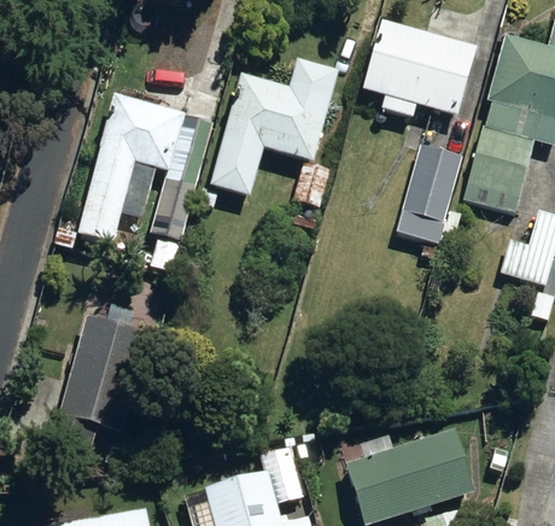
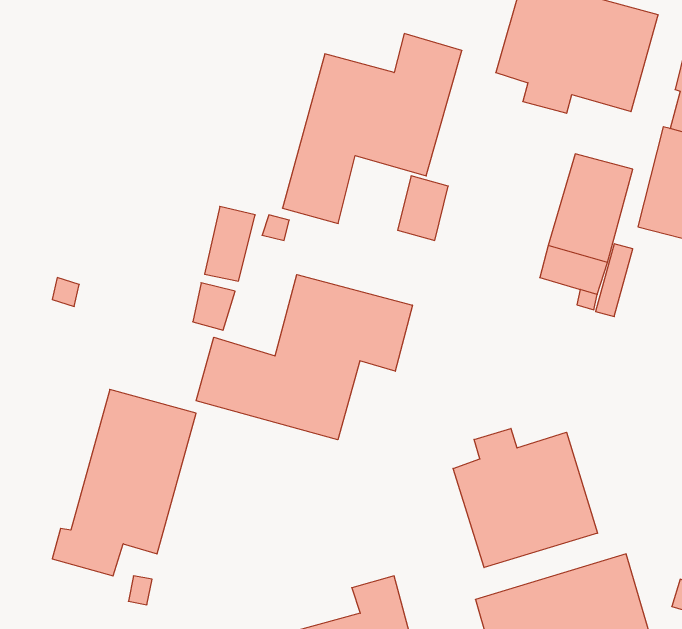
building: [80,93,185,241] -> none
building: none -> [196,275,412,440]
building: none -> [453,428,598,568]

